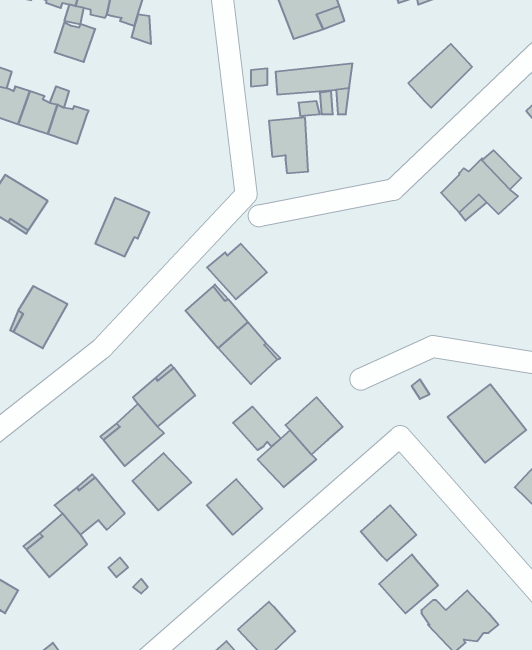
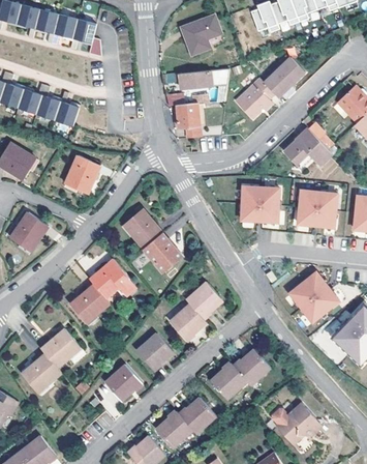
building: [54,23,95,62] -> [55,102,81,126]
building: none -> [235,78,274,118]
building: [207,244,267,299] -> none
building: none -> [240,185,279,222]
building: none -> [297,191,337,227]
building: [233,407,281,450] -> none
building: [132,453,191,510] -> [104,362,142,399]
building: [379,554,438,613] -> [210,361,247,399]
building: none -> [179,397,216,432]

